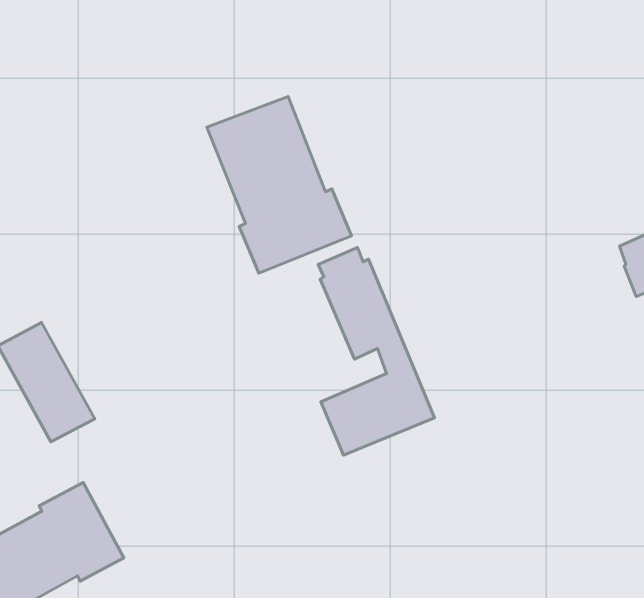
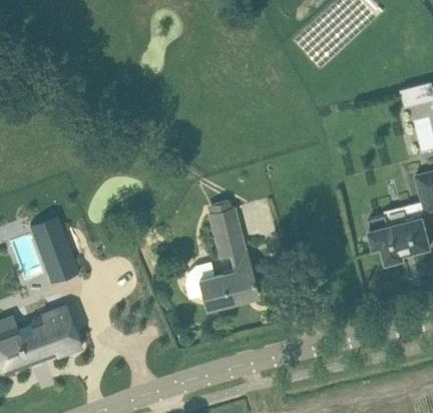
building: [207,97,351,273] -> none

